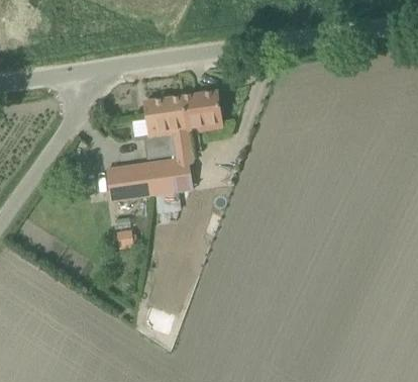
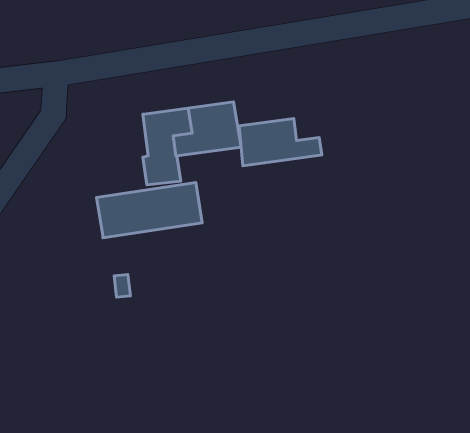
building: none -> [239,119,322,166]

